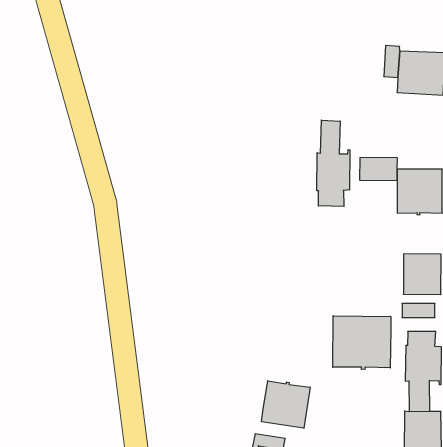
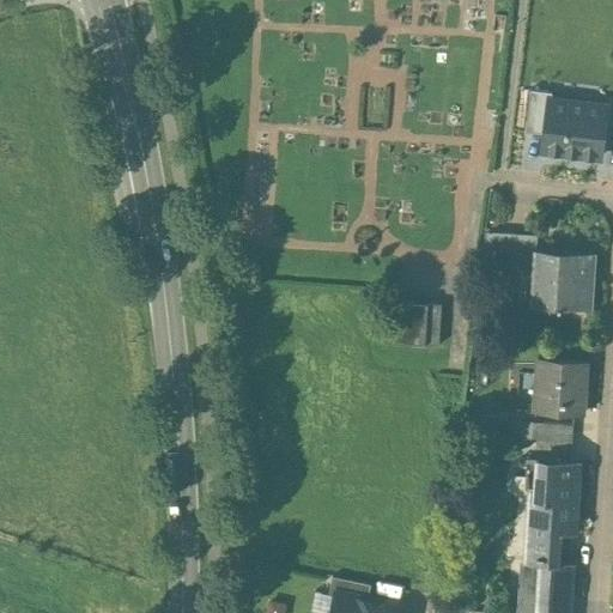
building: [317,120,350,206] -> none
building: none -> [395,304,442,348]
building: [333,316,391,369] -> none
building: [262,381,310,428] -> none

